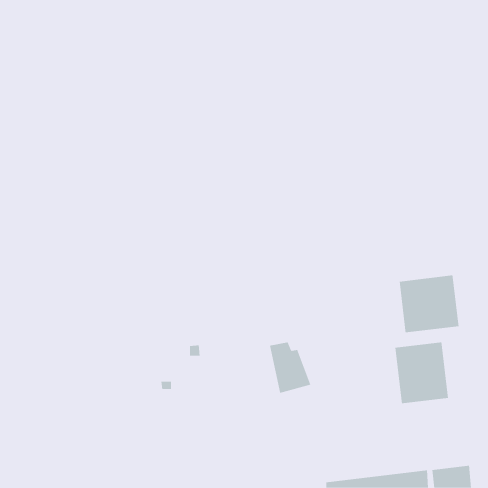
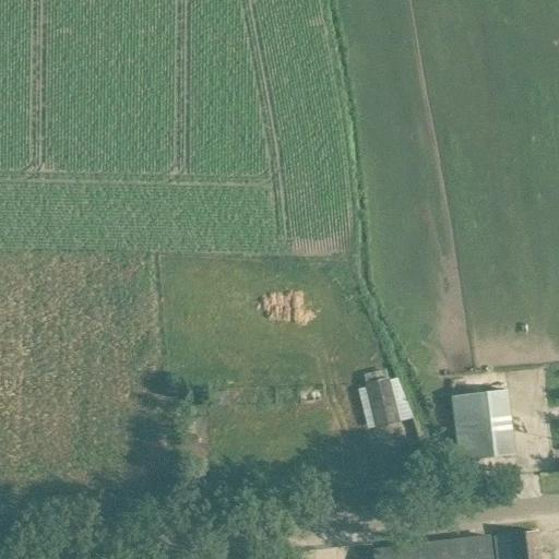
building: [399,275,459,333] -> none
building: [269,342,311,393] -> [364,370,412,429]

